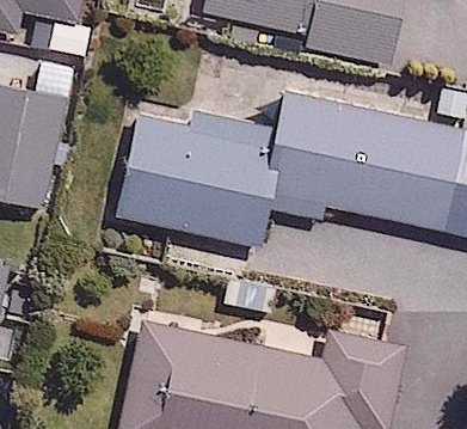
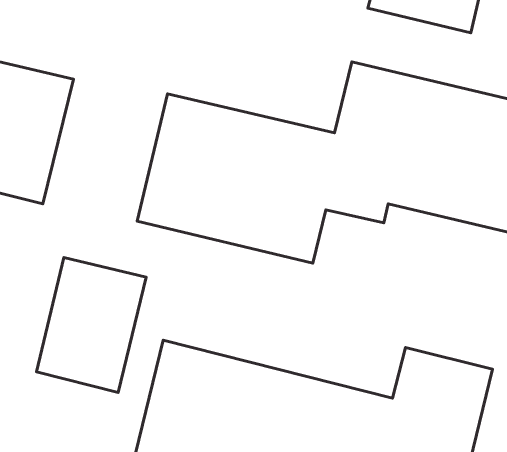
building: none -> [36,258,146,392]

